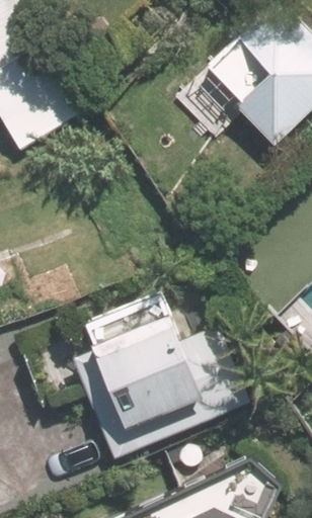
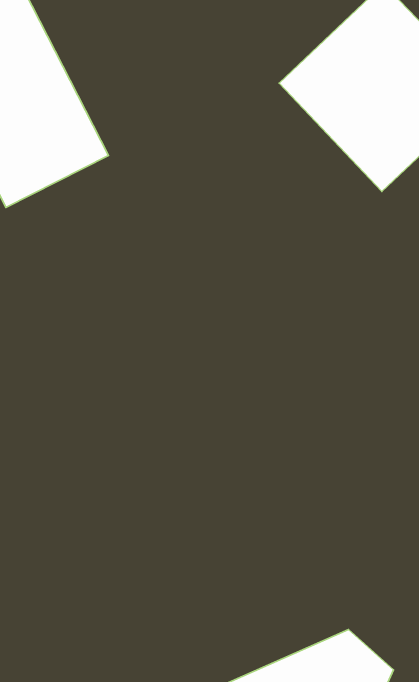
building: [92,331,201,423] -> none

